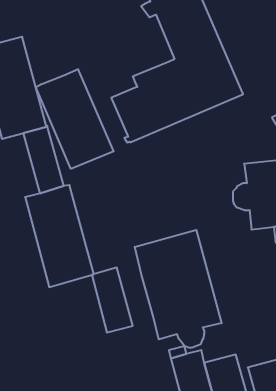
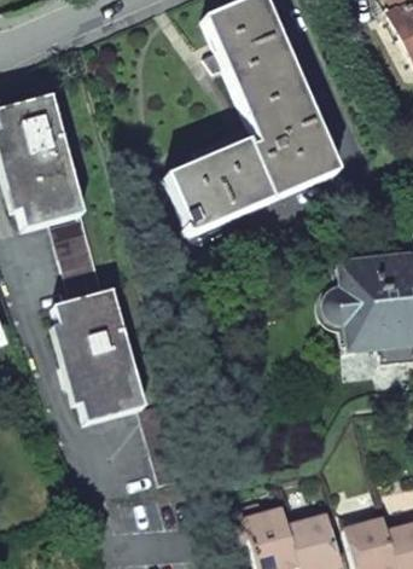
building: [36,69,114,169] -> none
building: [135,230,222,348] -> none

